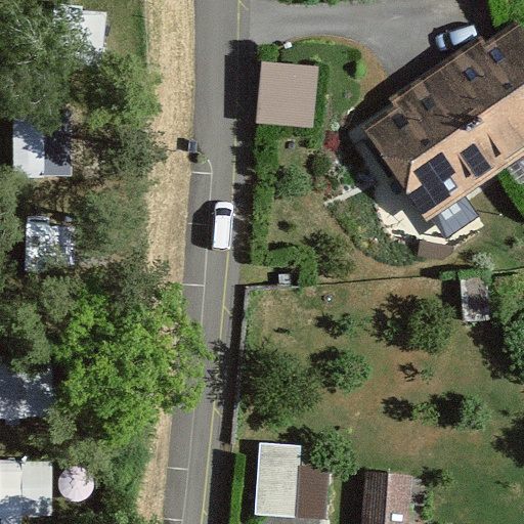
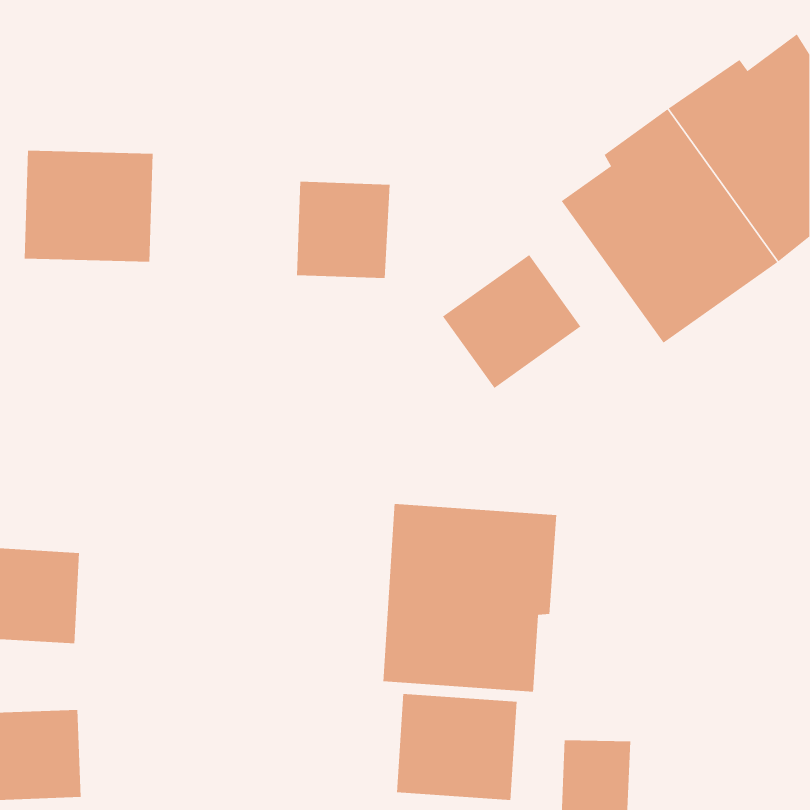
building: [260,62,320,125] -> [296,181,390,279]
building: none -> [442,254,581,389]
building: none -> [383,503,557,692]

